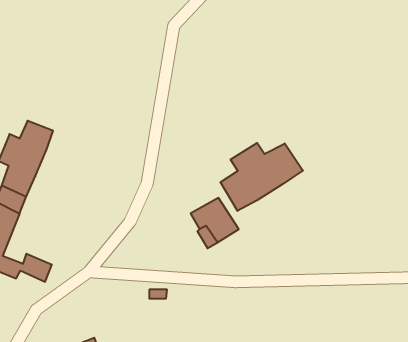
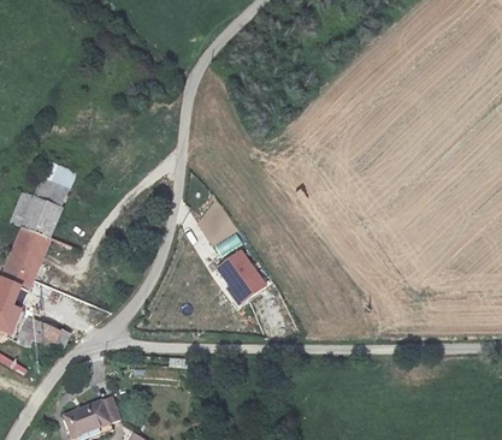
building: [220,143,303,211] -> none

